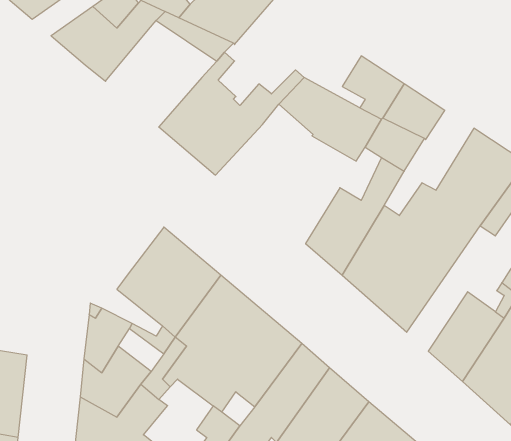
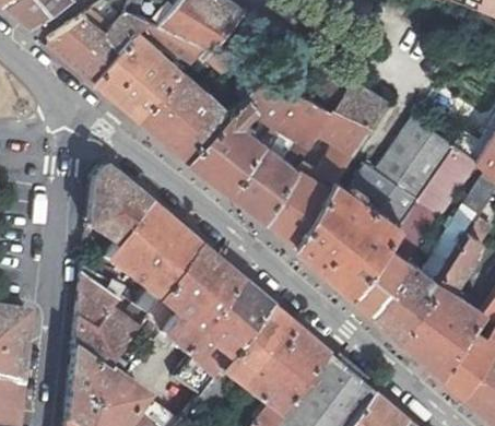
building: none -> [96,36,179,120]
building: none -> [191,118,298,221]
building: none -> [87,169,146,247]
building: none -> [356,205,440,313]

